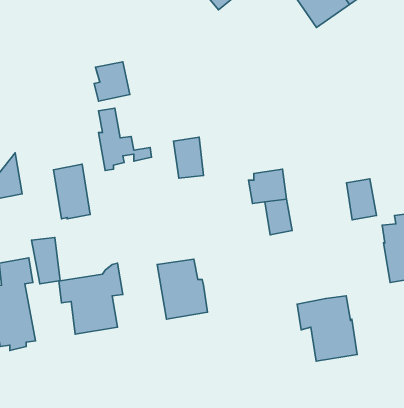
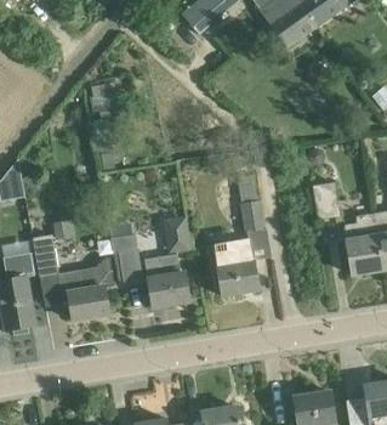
building: [173,137,203,178] -> [164,215,190,251]
building: [53,164,90,219] -> [110,233,143,282]
building: [297,296,357,361] -> [205,238,258,296]

